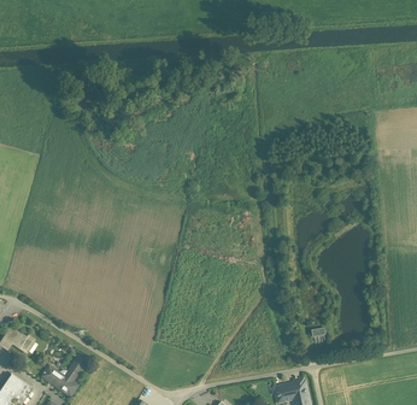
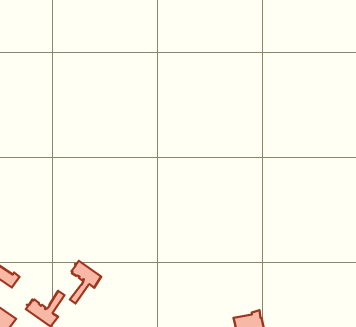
building: none -> [70,261,101,304]

